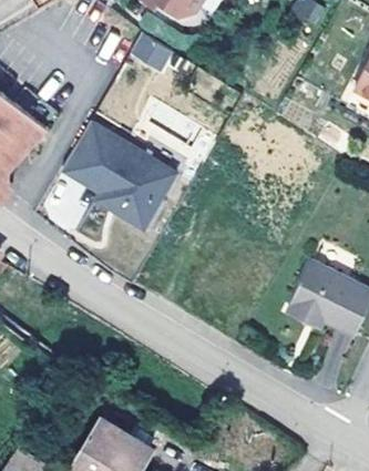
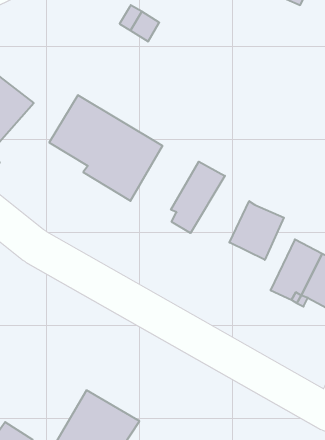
building: none -> [171,162,225,233]
building: none -> [229,201,284,260]

